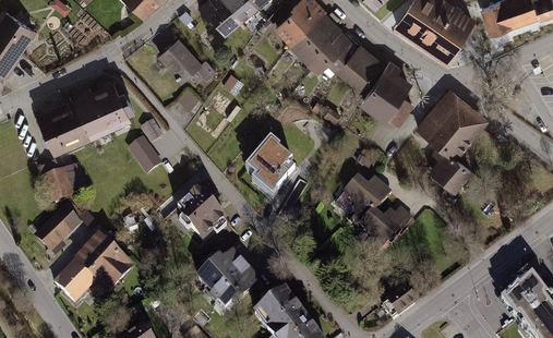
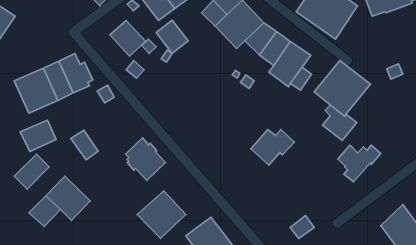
building: none -> [156,20,188,54]
building: [128,136,163,174] -> [71,130,98,160]
building: [245,138,297,197] -> none
building: [359,206,413,253] -> [338,145,381,182]

